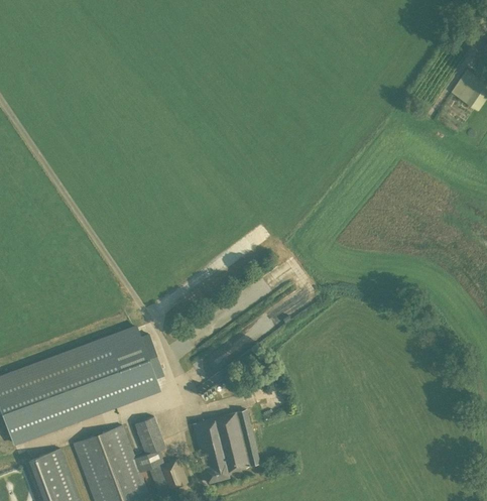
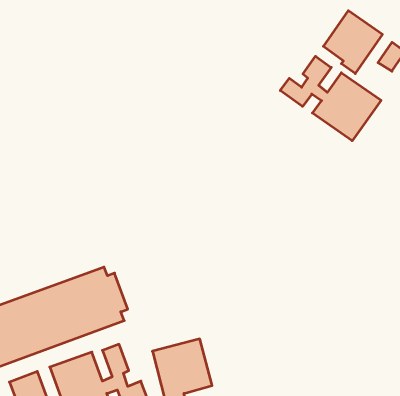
building: none -> [323,11,382,74]
building: none -> [280,56,381,141]

